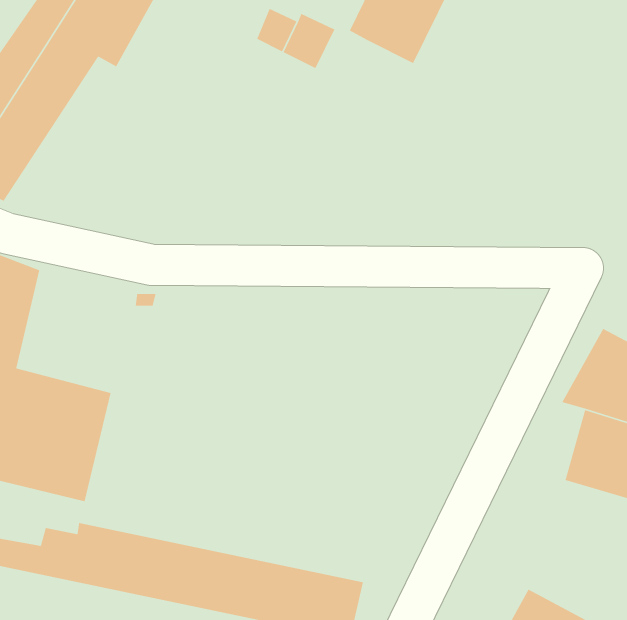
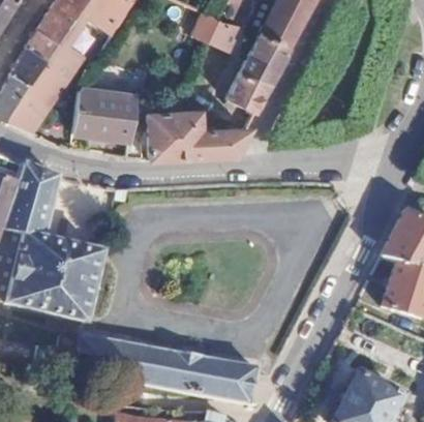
building: none -> [228,31,290,111]
building: none -> [72,89,134,138]
building: none -> [149,108,246,156]

